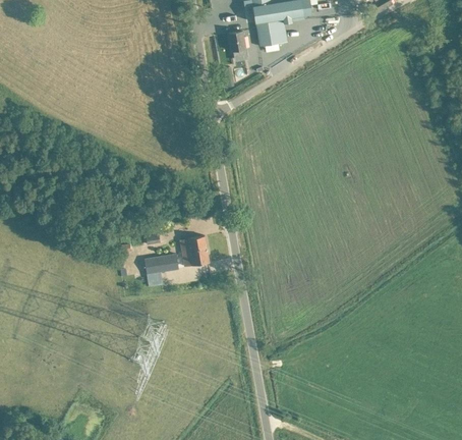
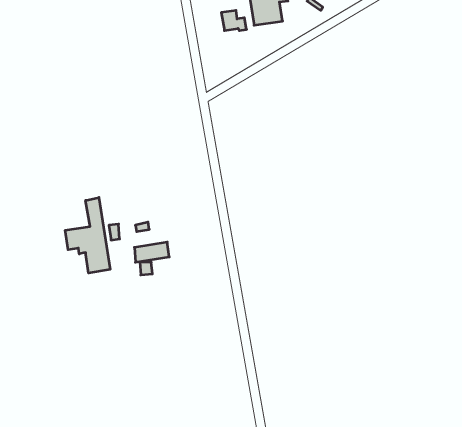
building: none -> [65,197,110,273]
building: [185,235,209,266] -> none

